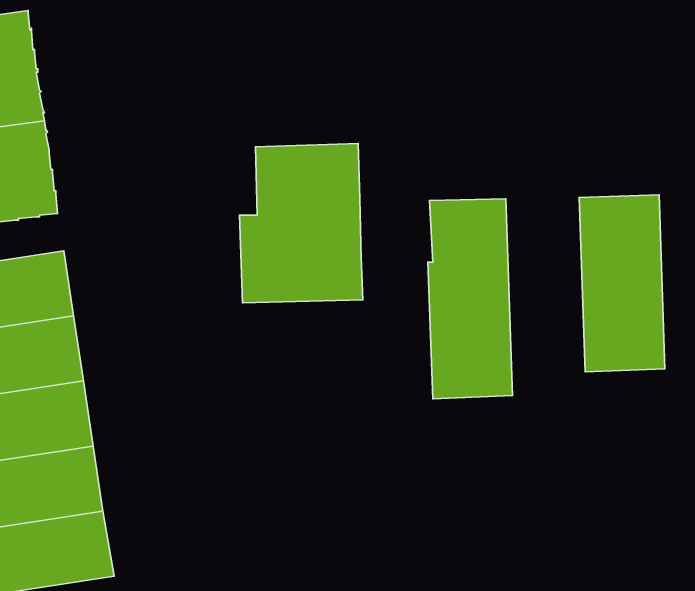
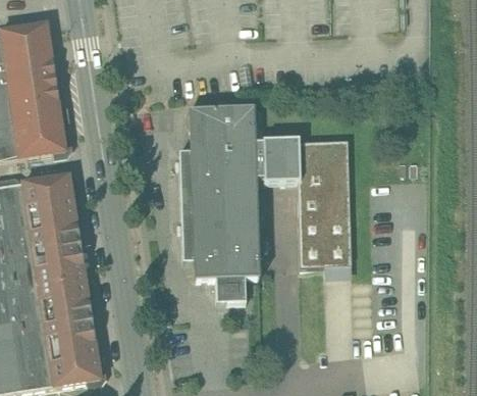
building: none -> [255,140,301,184]
building: [579,195,665,372] -> none
building: none -> [181,206,260,304]

